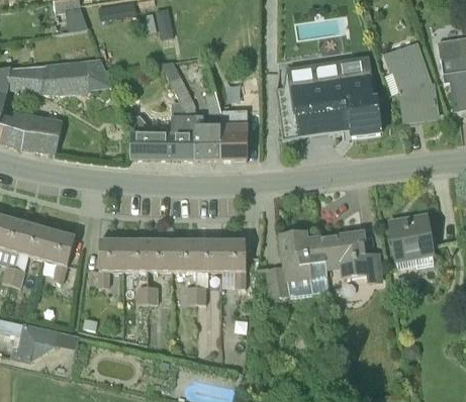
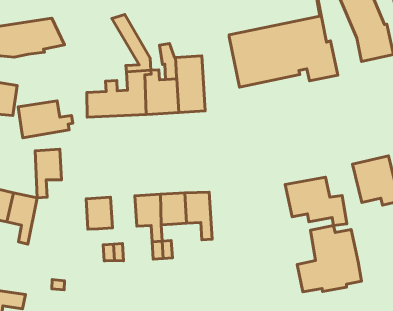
building: none -> [18,101,73,138]
building: [266,232,329,297] -> [297,226,362,292]
building: [98,239,123,286] -> [35,149,62,198]
building: [148,239,172,270] -> none

